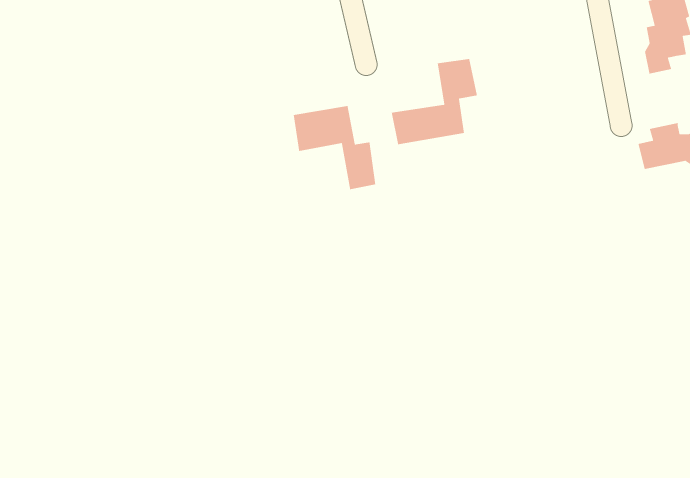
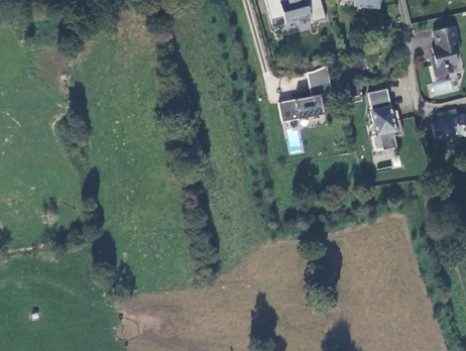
building: none -> [367,87,401,148]
building: [293,105,376,190] -> none

